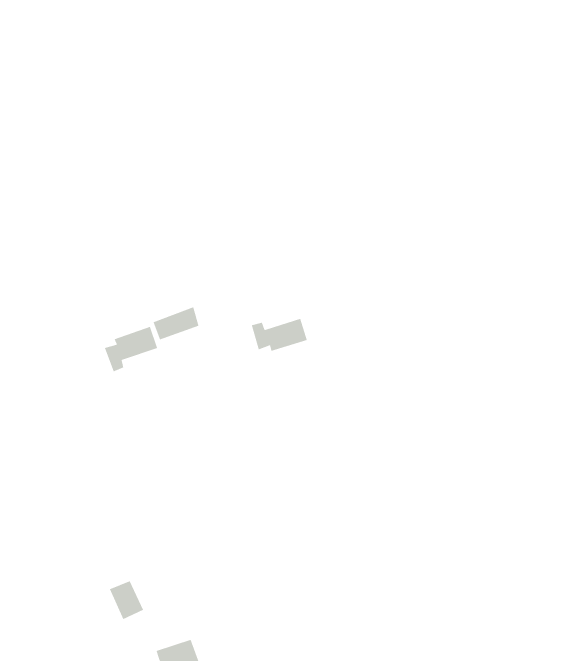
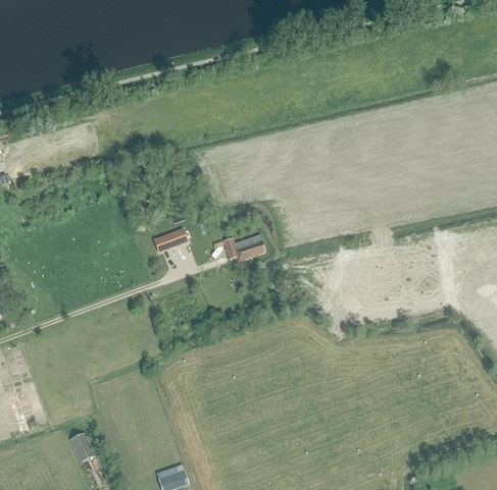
building: [104,326,158,372] -> none
building: [109,580,144,620] -> [68,433,94,461]

